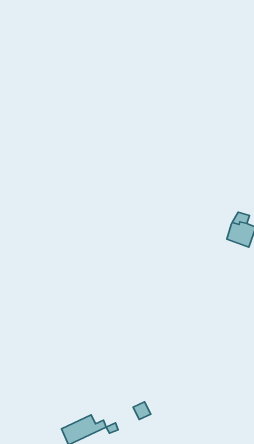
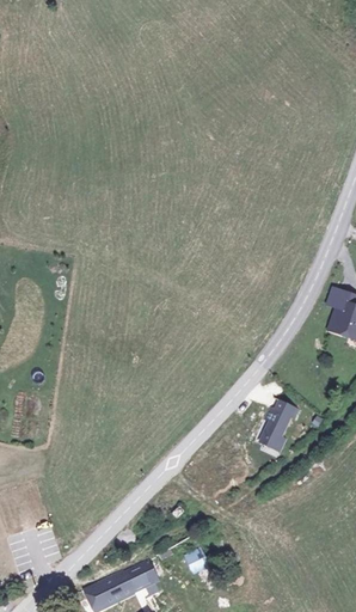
building: none -> [258,398,299,451]

